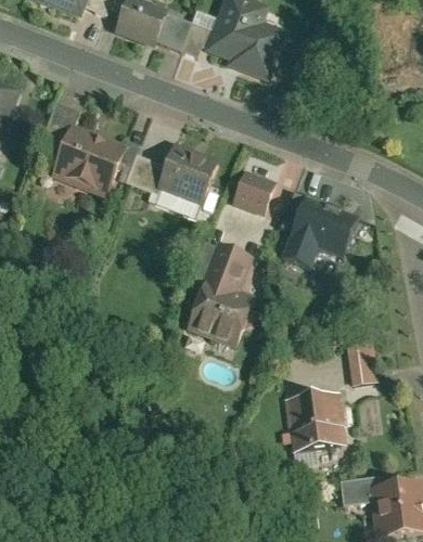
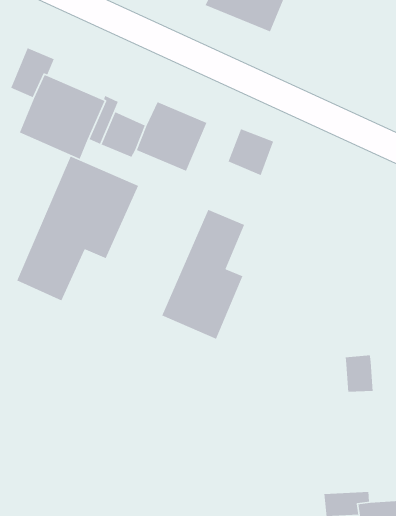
building: [290,194,360,256] -> none
building: none -> [16,156,139,301]
building: [283,391,346,452] -> none

